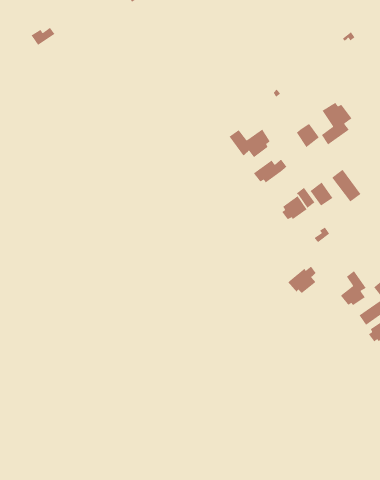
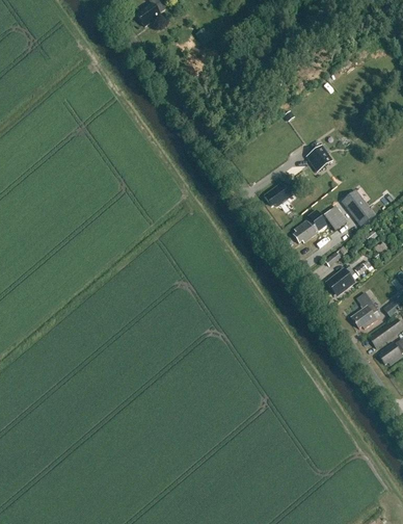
building: [321,102,353,145] -> none
building: [228,129,271,158] -> none
building: [287,266,316,294] -> [326,265,355,293]

